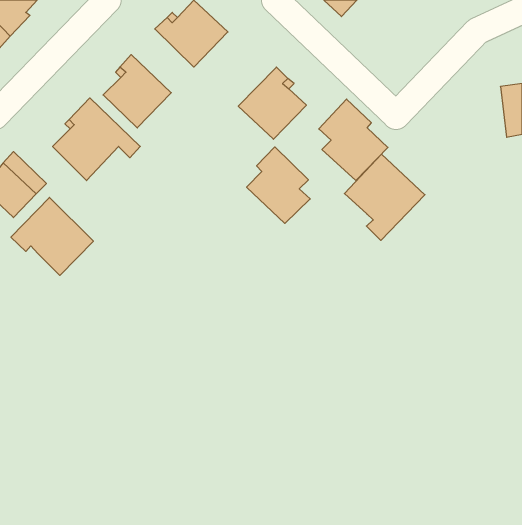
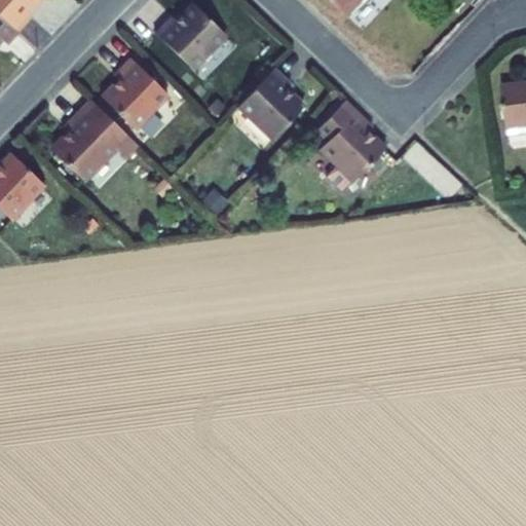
building: [247,147,310,223] -> none
building: [344,154,425,240] -> none
building: [11,197,93,275] -> none

